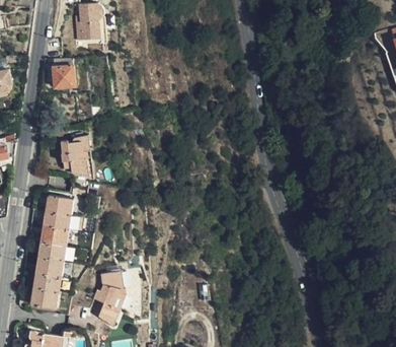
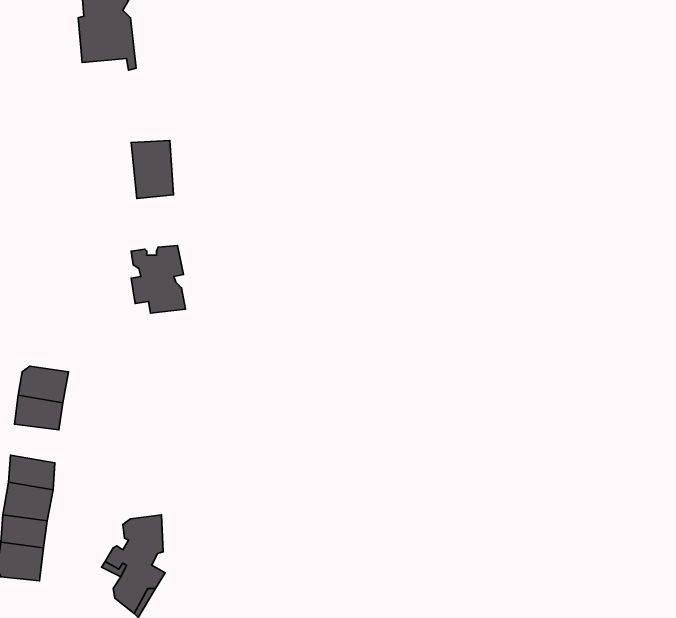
building: [53,57,75,87] -> [131,141,174,199]
building: [63,136,91,171] -> [131,245,185,313]
building: [38,228,64,249] -> none

